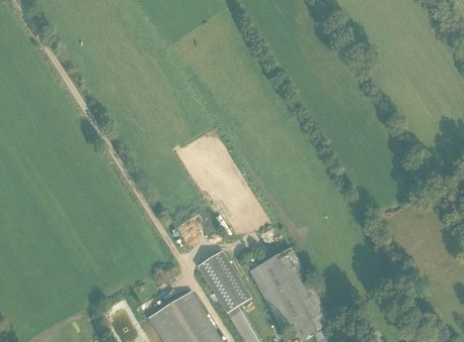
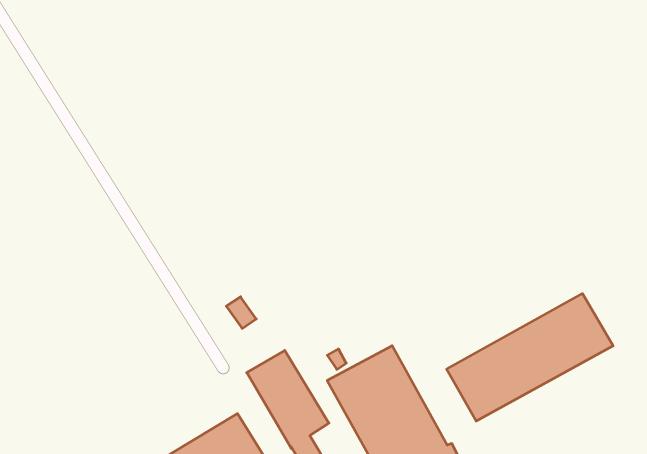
building: none -> [447,294,613,421]

